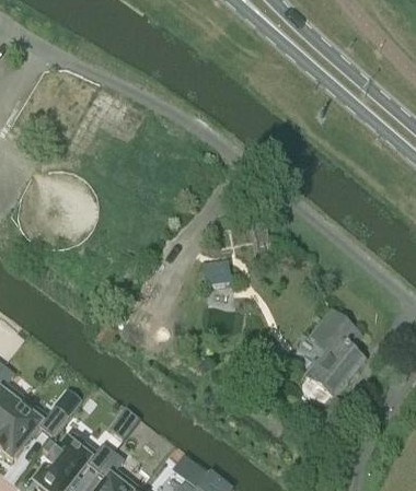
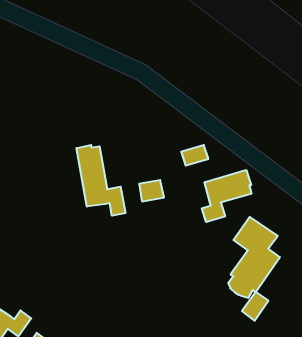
building: none -> [76,145,125,216]
building: none -> [202,170,251,222]

